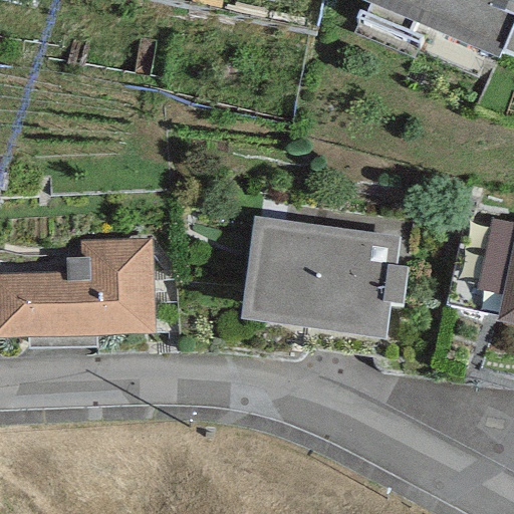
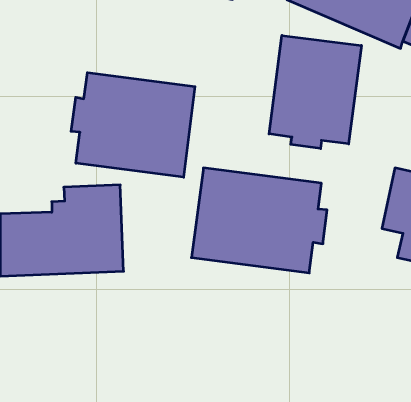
building: none -> [269,35,361,149]
building: none -> [71,73,195,177]

